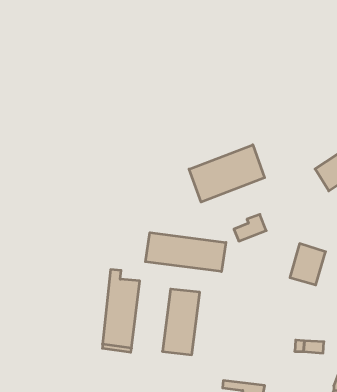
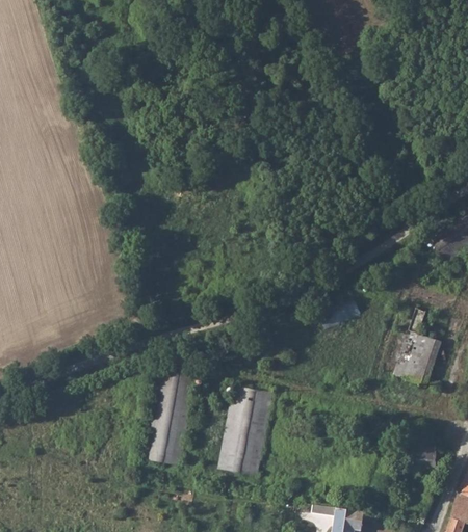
building: [189,145,265,202] -> none
building: [145,233,226,272] -> none

